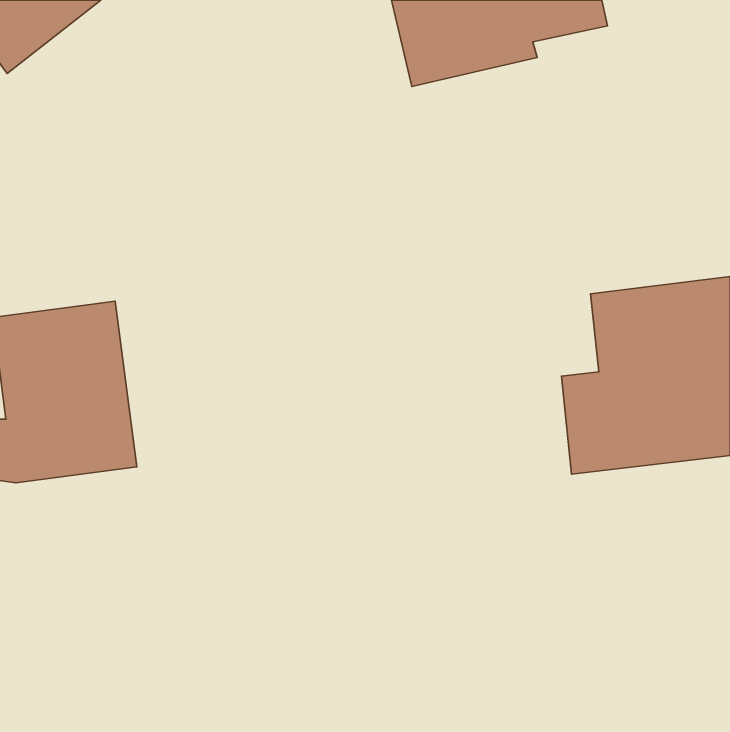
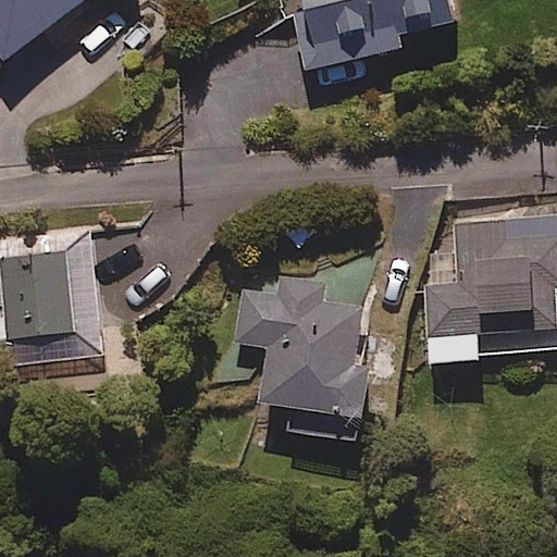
building: none -> [232,274,376,417]

